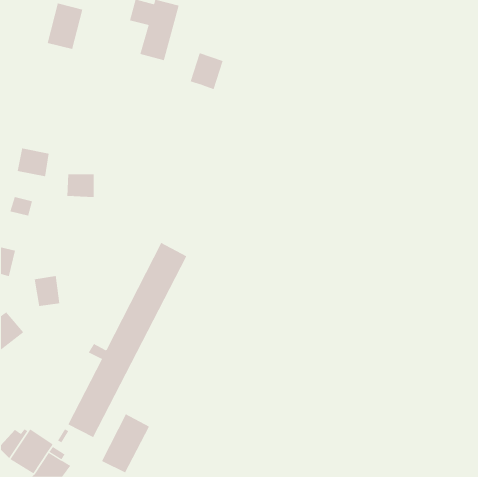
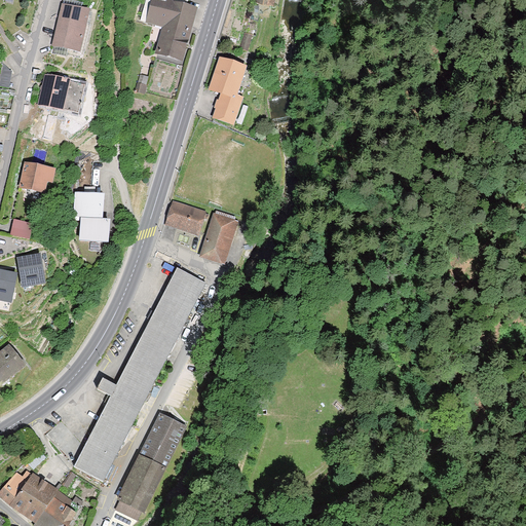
building: none -> [38,76,84,112]
building: none -> [213,93,242,124]
building: none -> [165,202,205,236]
building: none -> [200,211,240,266]
building: none -> [79,216,110,240]
building: [34,276,60,306] -> [16,255,45,289]
building: none -> [138,412,187,468]

